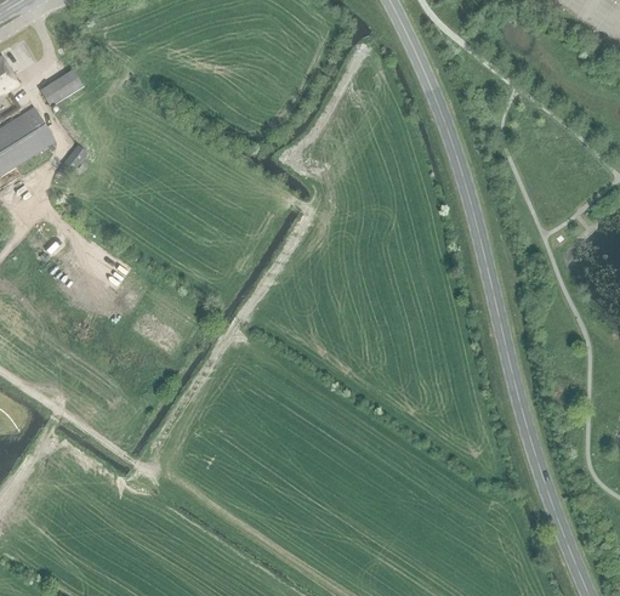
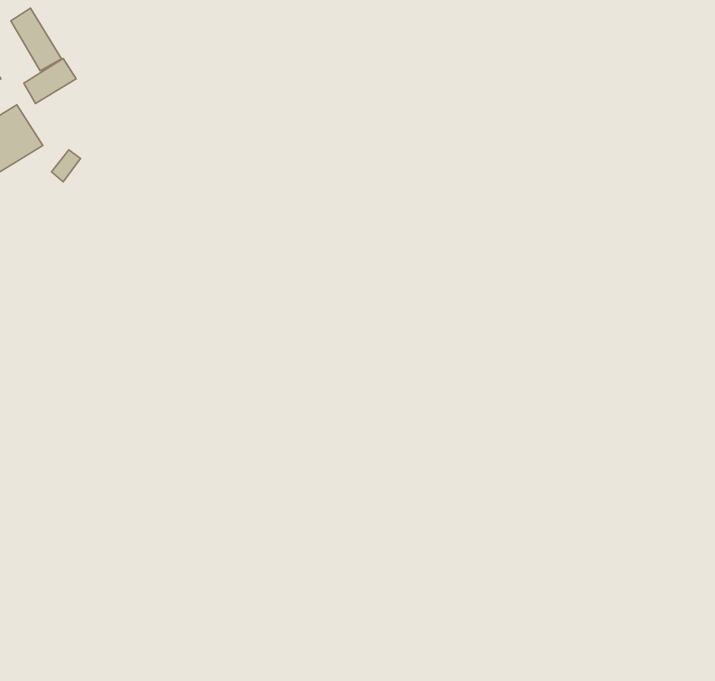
building: none -> [11,8,61,71]

